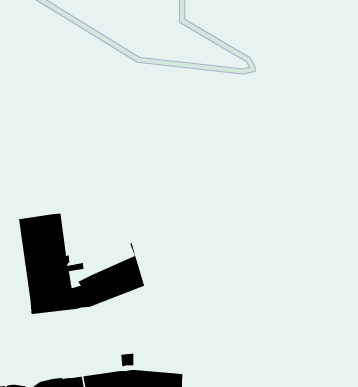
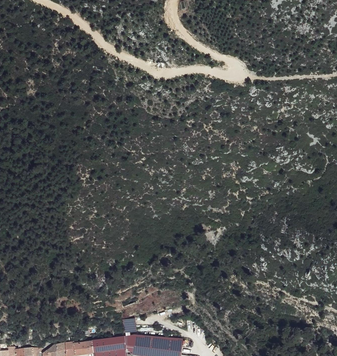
building: [18,213,145,315] -> none

